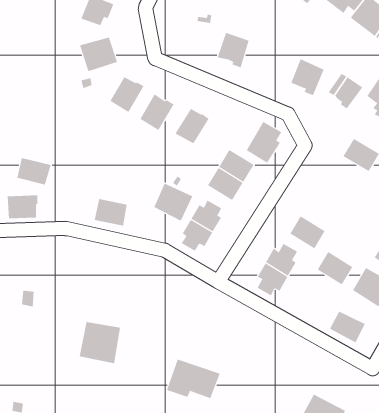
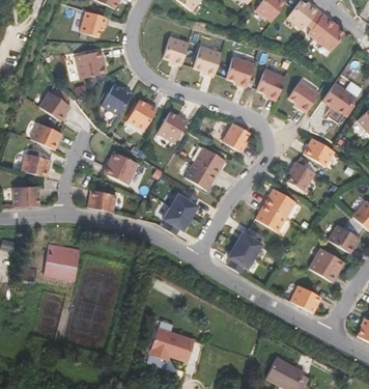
building: none -> [164,36,189,65]
building: none -> [227,57,255,87]
building: none -> [39,91,72,121]
building: none -> [31,122,62,149]
building: none -> [288,161,315,191]
building: [153,183,193,222] -> [105,151,139,185]
building: [317,251,353,285] -> [265,188,296,217]
building: [79,322,121,364] -> [44,244,80,280]

